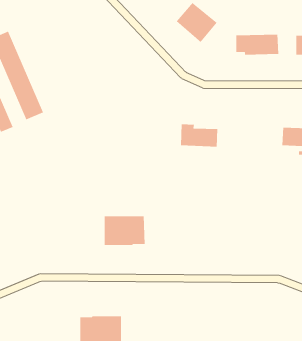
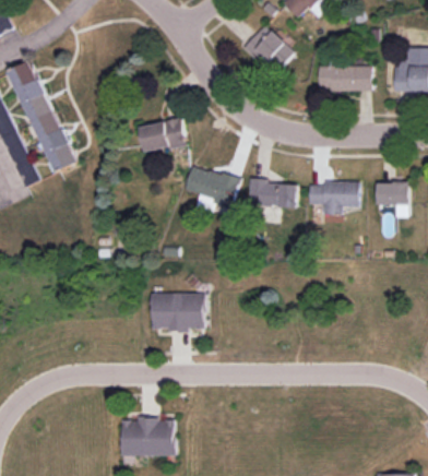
building: none -> [139,118,185,152]
building: none -> [183,165,237,215]
building: none -> [307,180,358,214]

